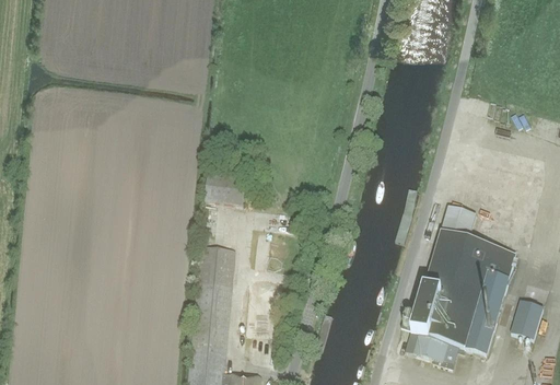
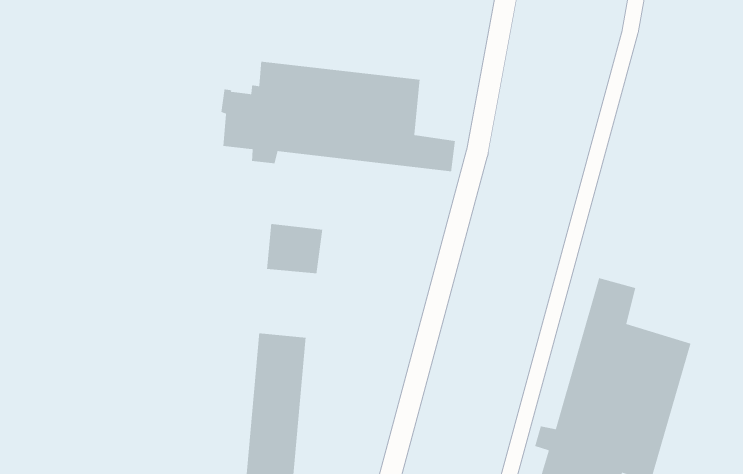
building: none -> [220,61,456,172]
building: [511,300,544,339] -> none

